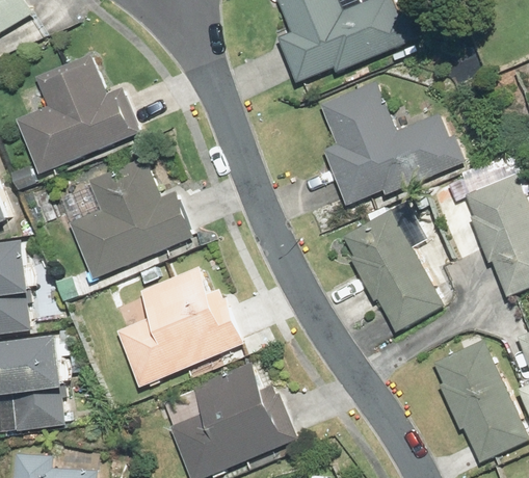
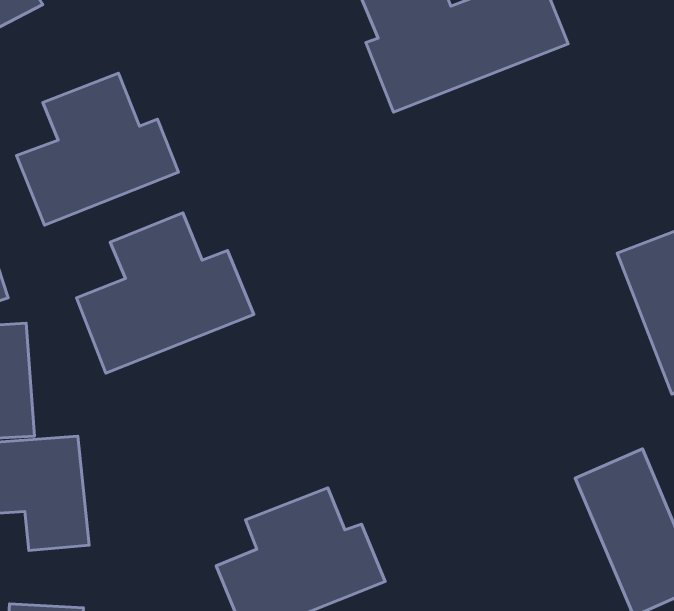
building: [316,84,468,210] -> none
building: [339,209,449,336] -> none
building: [113,267,243,387] -> none

